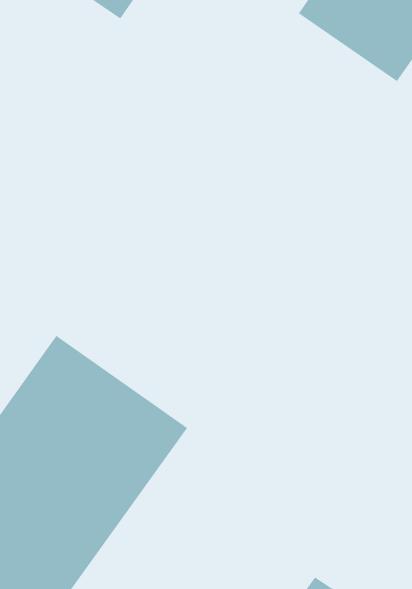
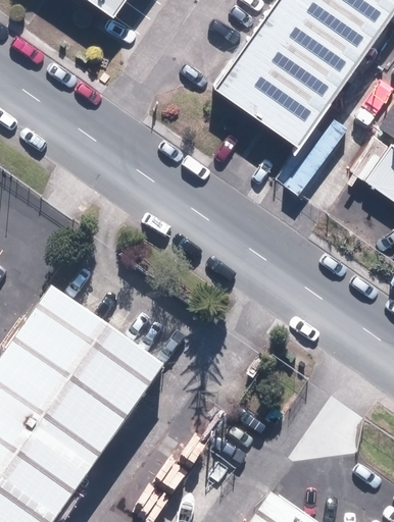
building: none -> [203,15,340,149]

